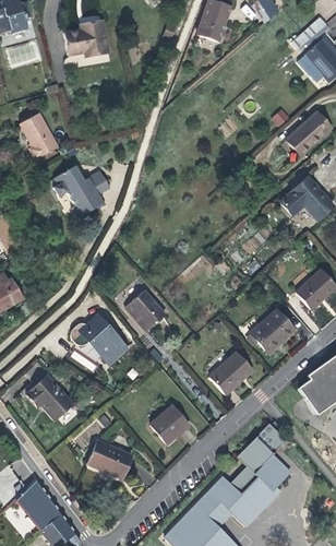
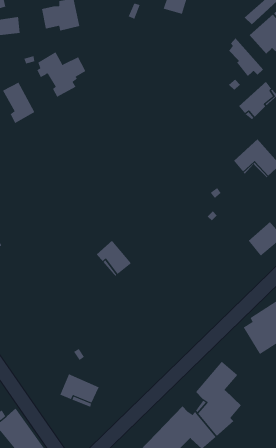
building: none -> [228,37,264,77]
building: [55,166,110,217] -> [36,52,86,97]
building: [250,308,296,352] -> none
building: [72,314,127,360] -> none
building: [206,347,251,392] -> none
building: [25,373,70,417] -> none
building: [148,404,188,442] -> none

